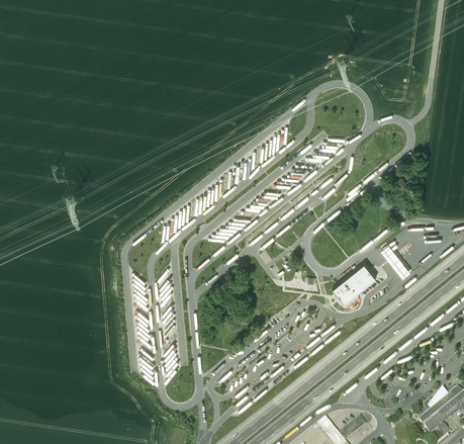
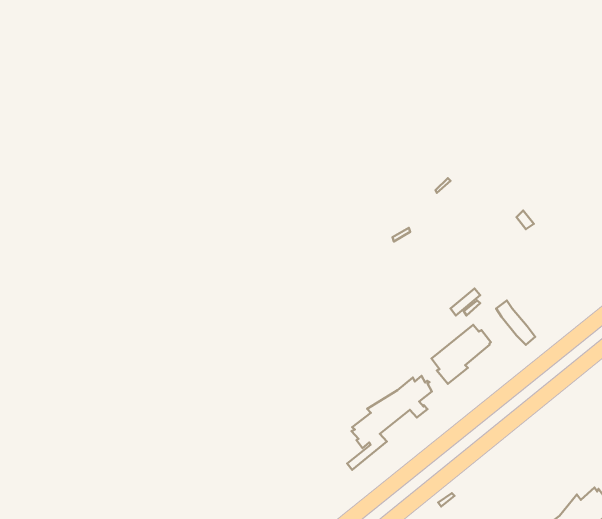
building: none -> [347,376,432,470]

